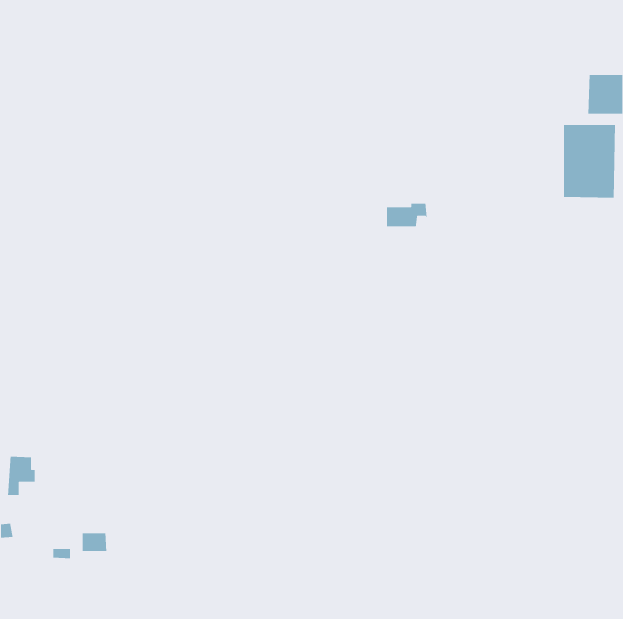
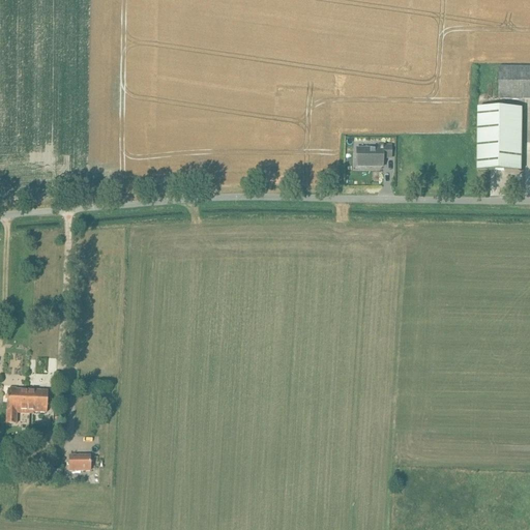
building: [386,203,428,227] -> [356,144,391,165]
building: none -> [27,388,48,411]

